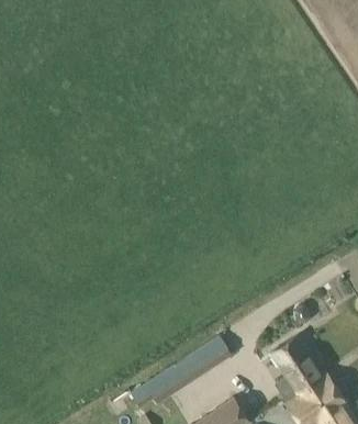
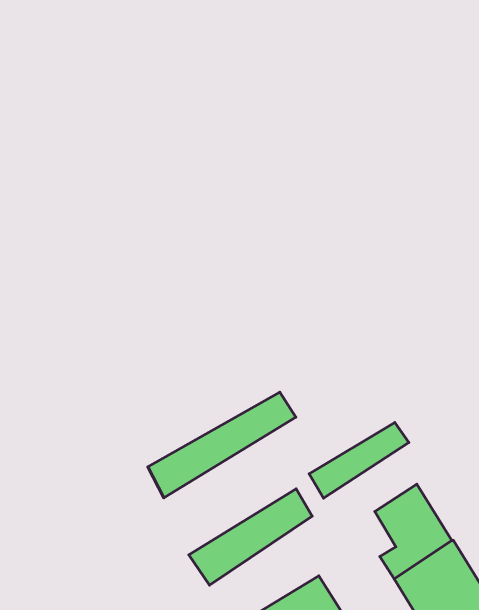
building: none -> [148,392,296,498]
building: none -> [309,422,409,498]

